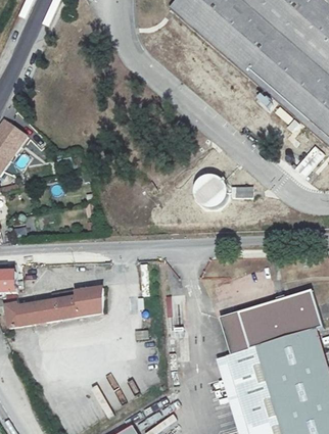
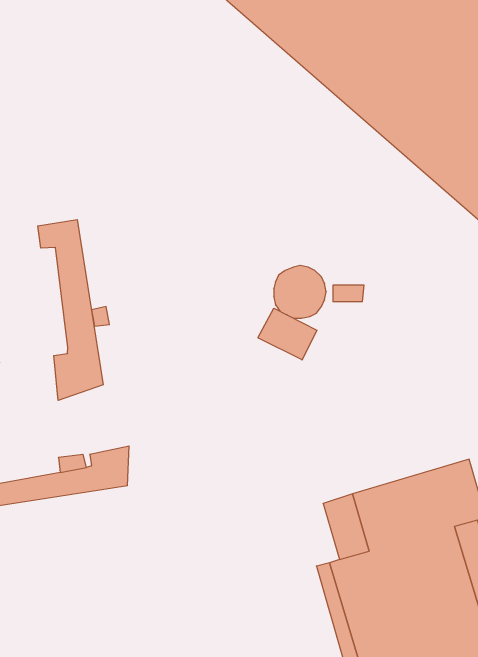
building: none -> [38,220,103,400]
building: none -> [258,308,317,360]

